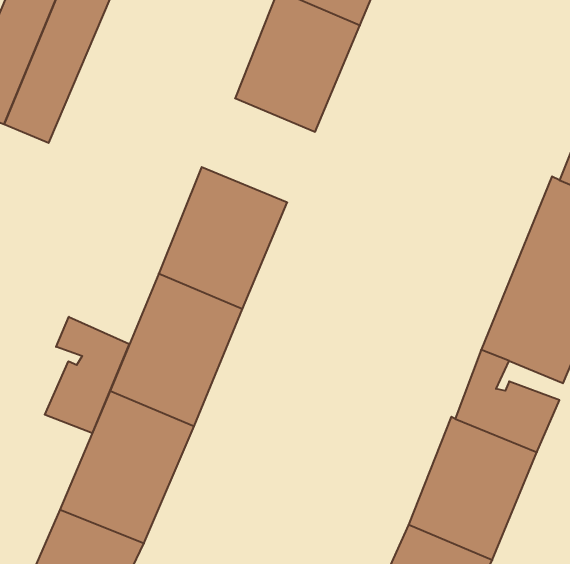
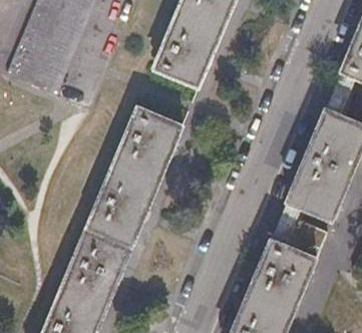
building: [45,317,129,433] -> none

